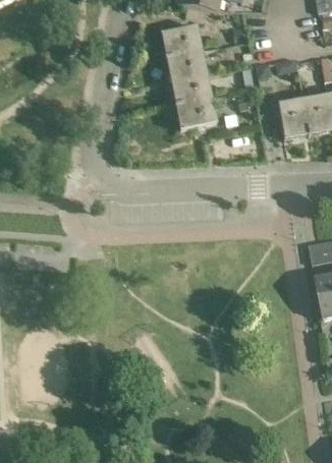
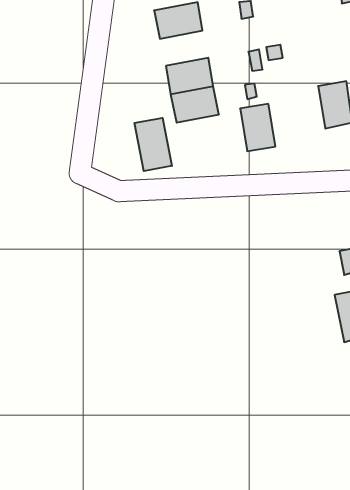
building: [164,48,206,78] -> none
building: [276,96,307,136] -> [240,104,275,151]
building: none -> [134,118,172,171]

